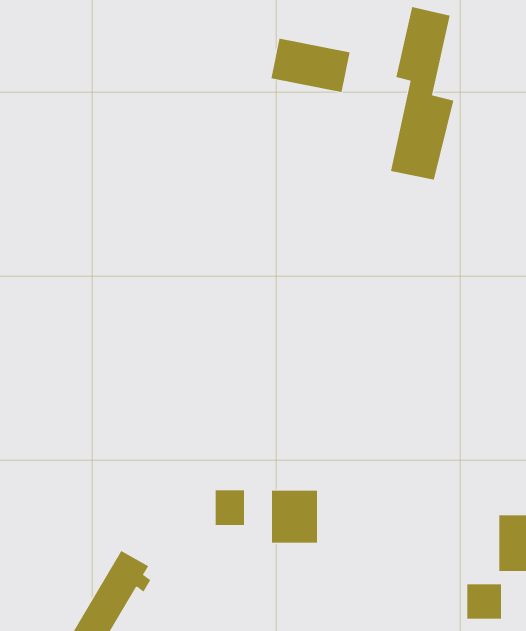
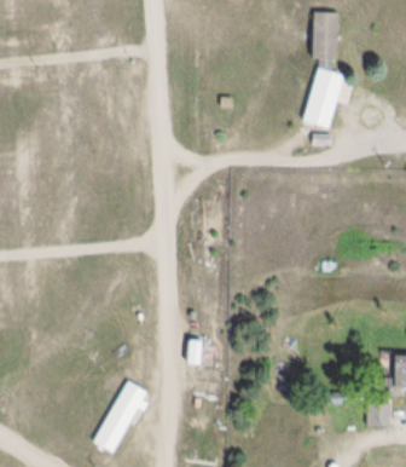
building: [271,38,350,93] -> none
building: [272,490,317,543] -> none

